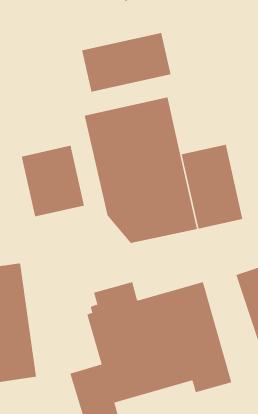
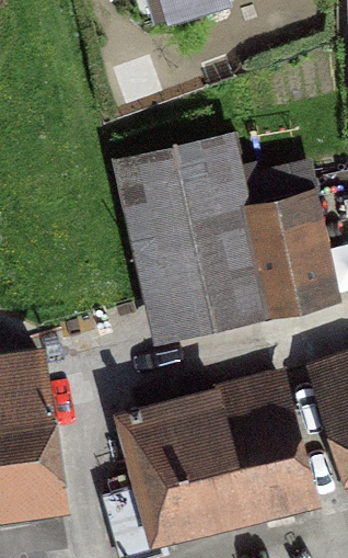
building: [82,32,171,93] -> none
building: [21,145,85,217] -> none

